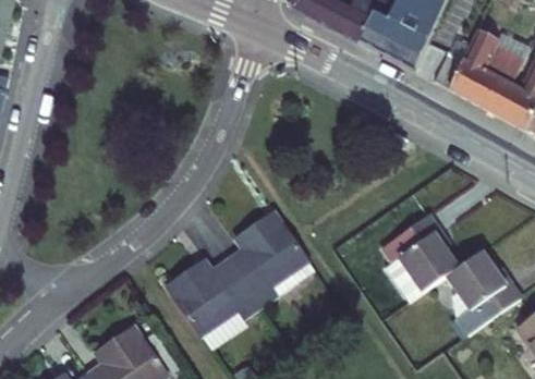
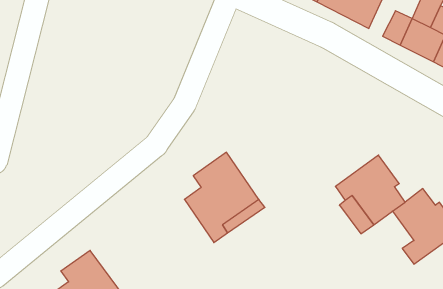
building: [154,260,248,337] -> none

